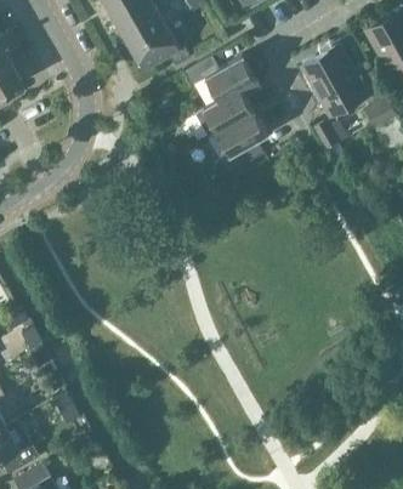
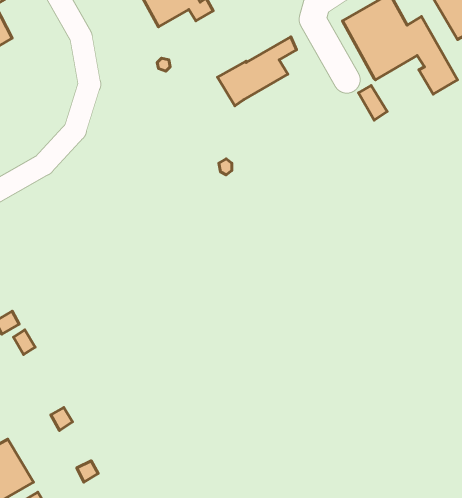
building: [181,57,255,102] -> none
building: [214,112,266,178] -> none

